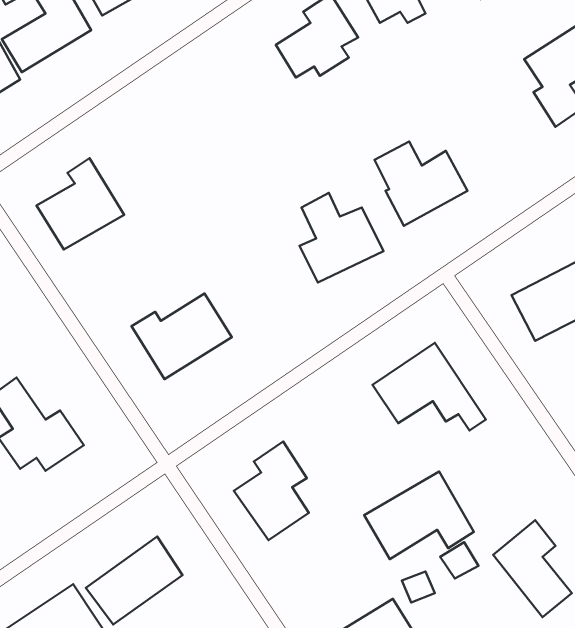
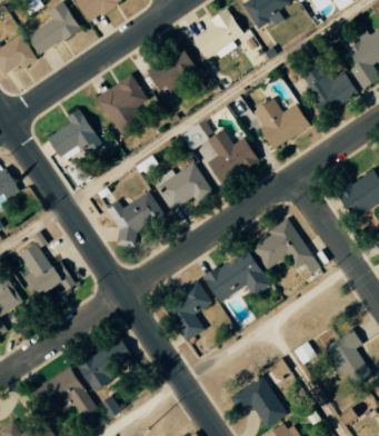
building: none -> [146,48,198,95]
building: none -> [300,62,357,113]
building: none -> [97,73,148,135]
building: none -> [157,164,211,210]
building: [364,471,474,559] -> [202,249,269,303]

